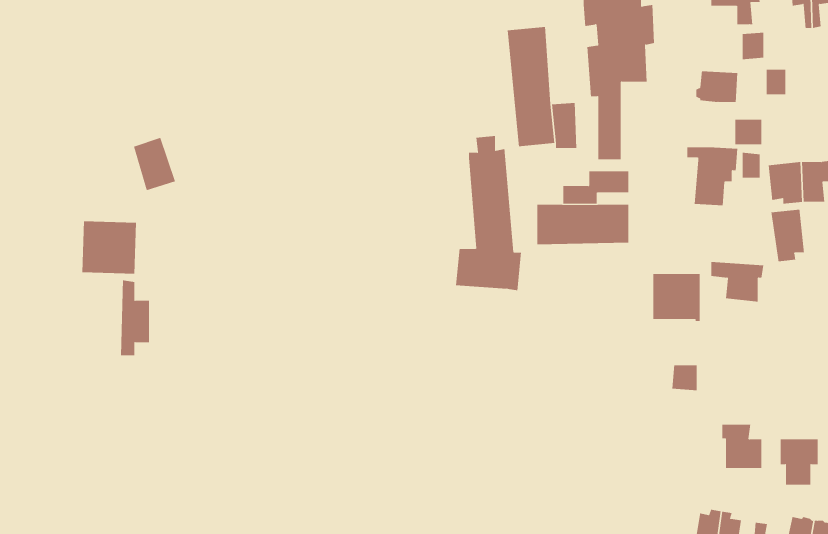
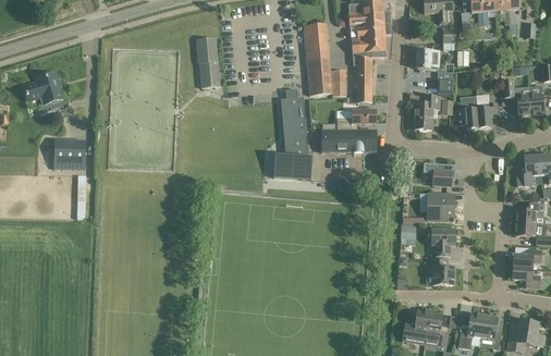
building: none -> [197,36,220,87]
building: [133,137,176,191] -> [38,72,63,103]
building: [771,209,804,262] -> none
building: [652,273,700,321] -> [427,193,455,221]
building: [780,439,819,485] -> [431,229,454,256]

